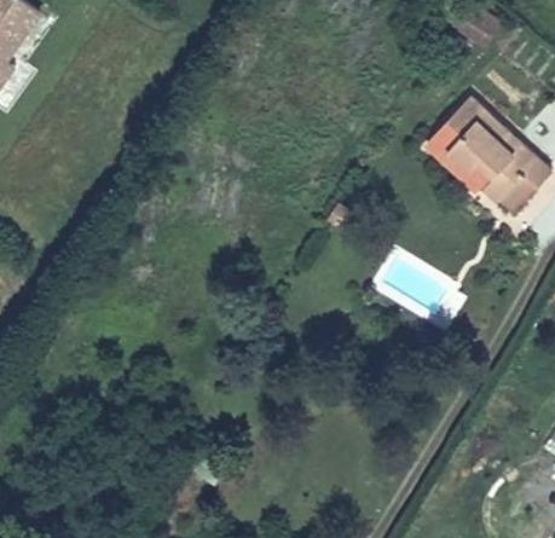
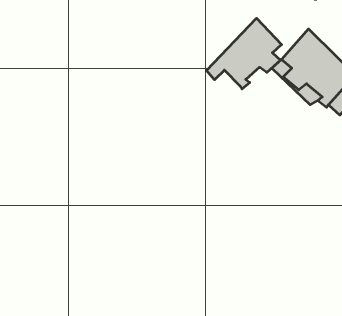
building: none -> [206,18,282,89]

